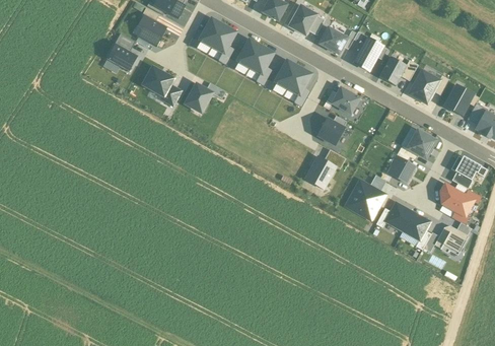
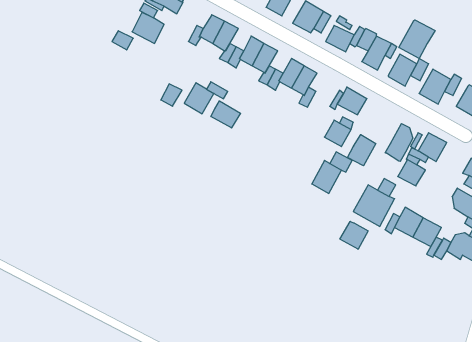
building: none -> [399,20,435,58]
building: [108,44,138,71] -> none
building: [143,67,173,96] -> none
building: none -> [211,101,241,128]
building: none -> [385,124,413,161]
building: none -> [347,135,376,166]
building: none -> [340,221,368,249]

